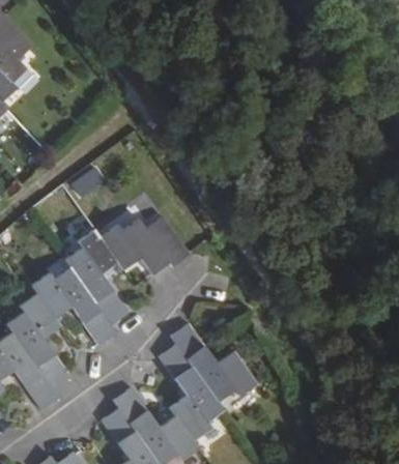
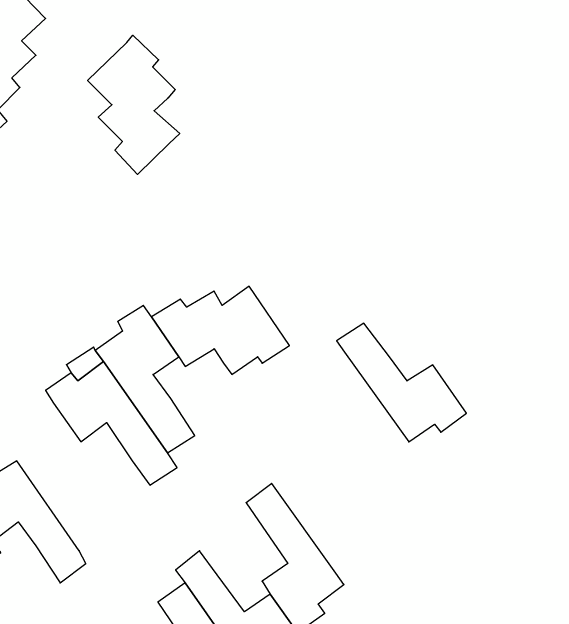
building: none -> [88,35,180,174]
building: [6,292,68,387] -> none
building: [172,325,256,402] -> [337,323,466,442]

